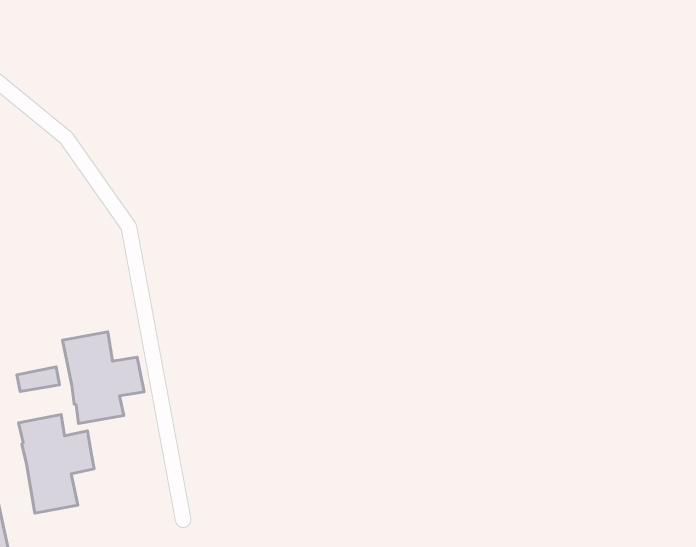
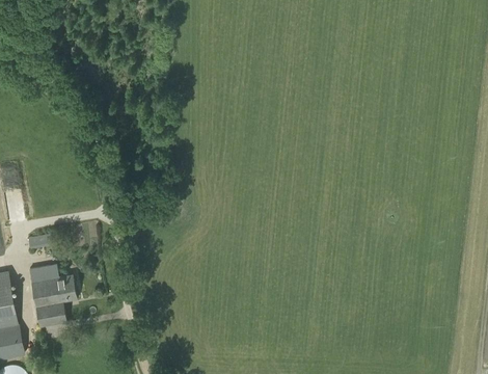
building: [62,332,144,424] -> none

